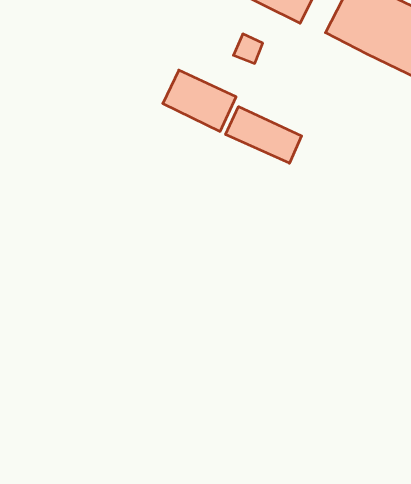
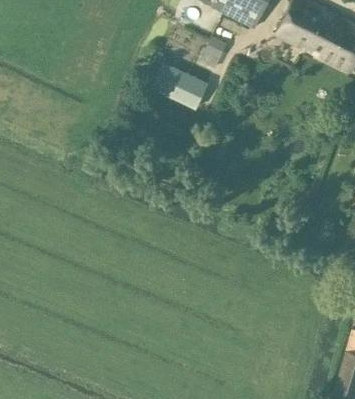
building: [226,107,302,163] -> none

